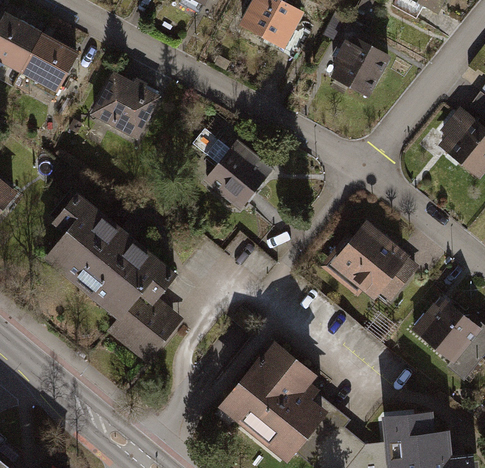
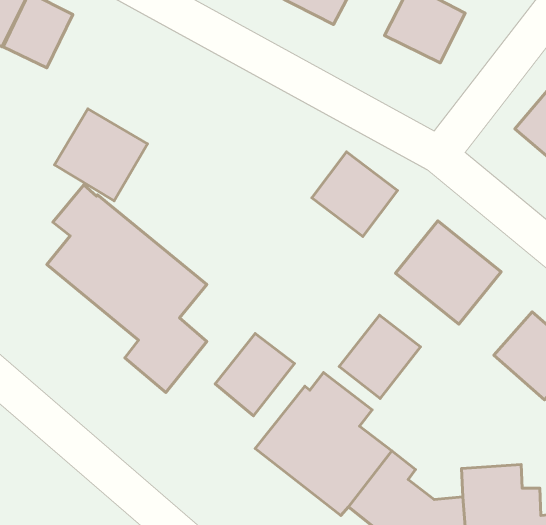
building: [85,73,160,147] -> [54,109,148,201]
building: [203,146,272,214] -> [312,152,397,237]
building: none -> [339,315,420,398]
building: none -> [215,333,295,416]

